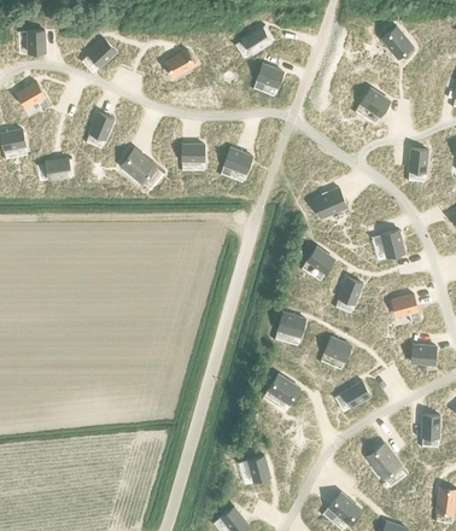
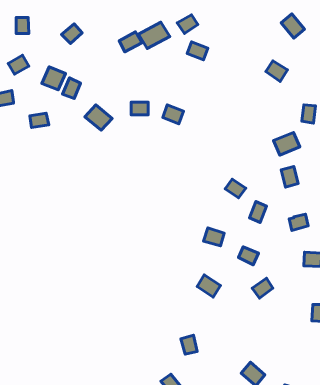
building: none -> [138,22,170,49]
building: none -> [42,67,66,90]
building: [311,188,346,218] -> [274,132,300,155]
building: [366,444,399,479] -> none

